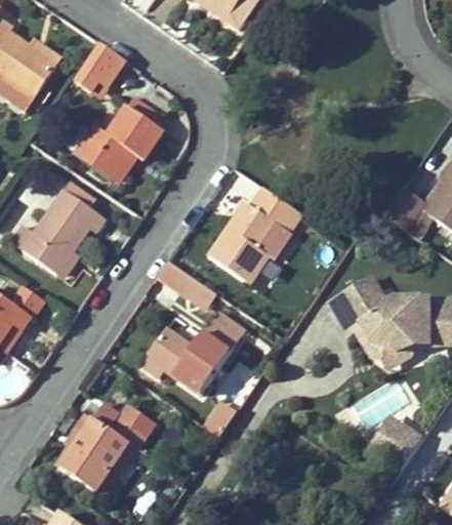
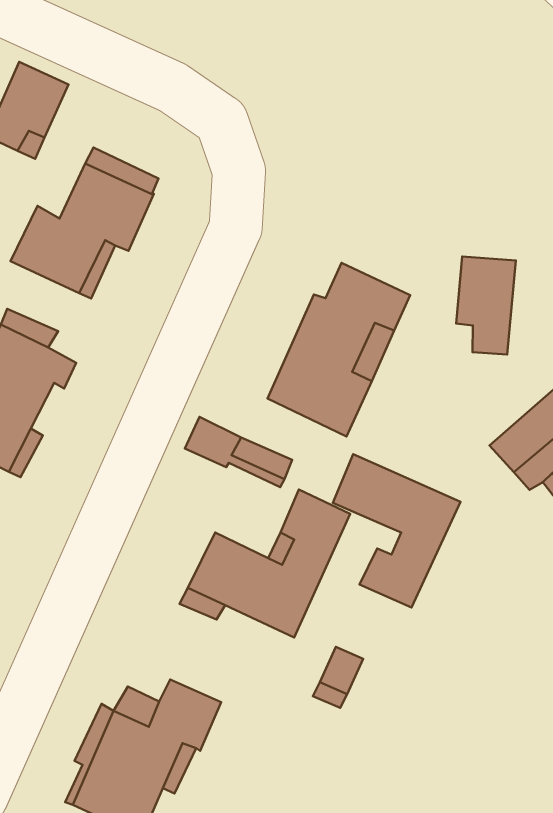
building: none -> [456,256,516,355]
building: none -> [333,454,460,607]

